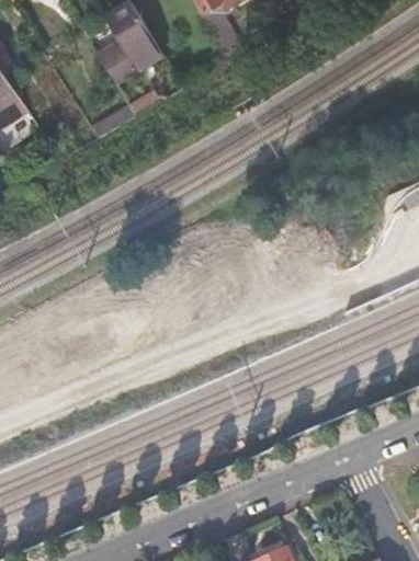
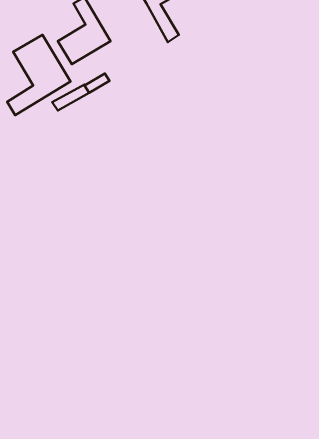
building: none -> [7,35,71,115]

